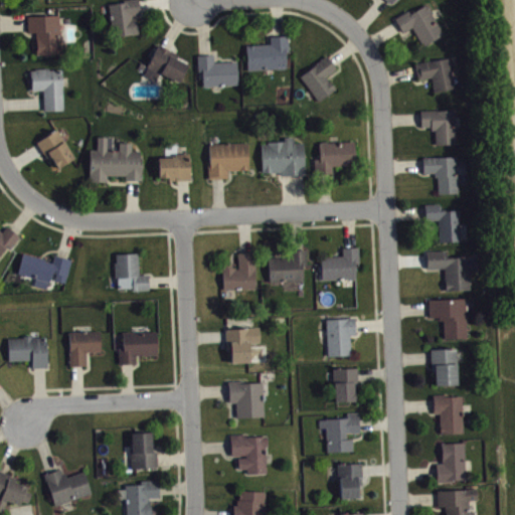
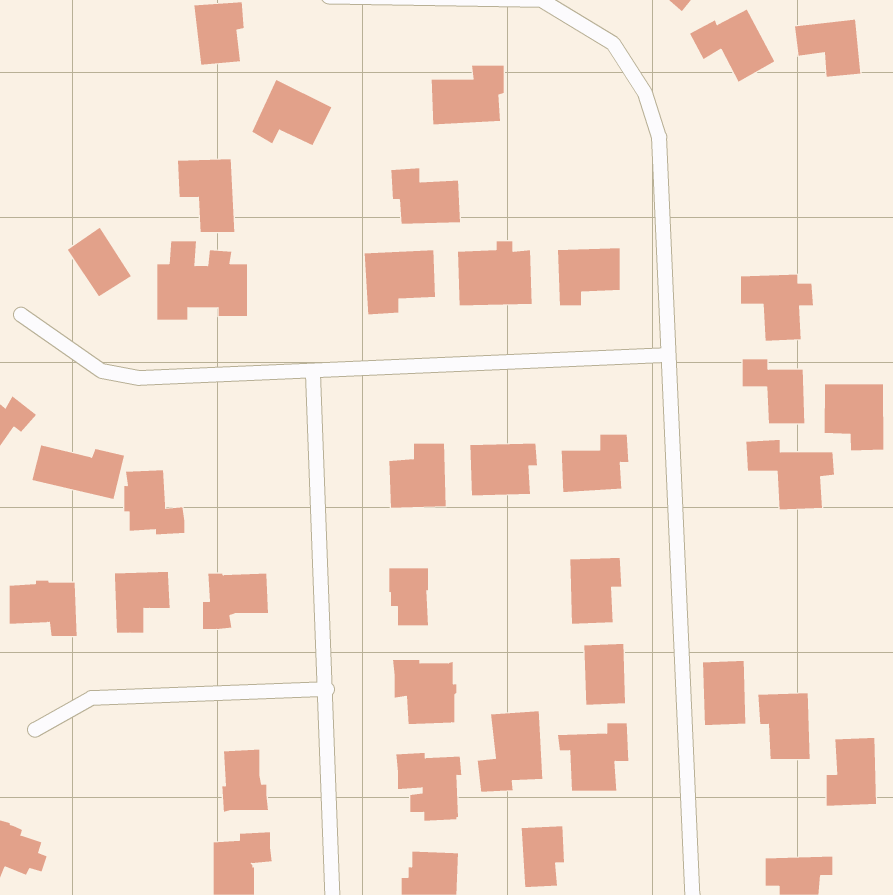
building: [28,16,61,56] -> none
building: [197,55,237,88] -> [390,168,461,224]
building: [300,56,337,103] -> none
building: [415,59,454,93] -> [794,19,861,77]
building: [31,69,64,112] -> [177,159,235,233]
building: [421,111,456,146] -> none
building: [159,156,191,181] -> none
building: none -> [824,383,884,451]
building: [111,249,146,287] -> [124,470,185,535]
building: [428,300,467,340] -> none
building: [433,349,458,386] -> [702,660,746,726]
building: none -> [477,711,543,792]
building: [437,444,466,483] -> [826,737,877,806]
building: [40,465,88,502] -> none
building: [338,465,363,500] -> [521,826,565,887]

